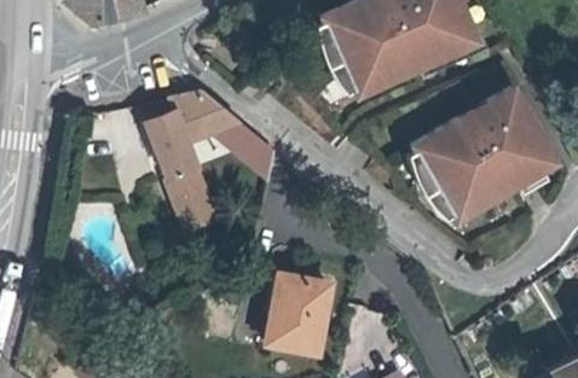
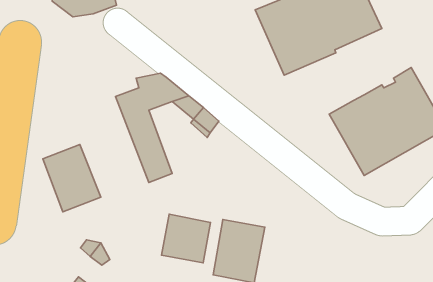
building: none -> [43,144,101,212]
building: none -> [161,214,211,263]

